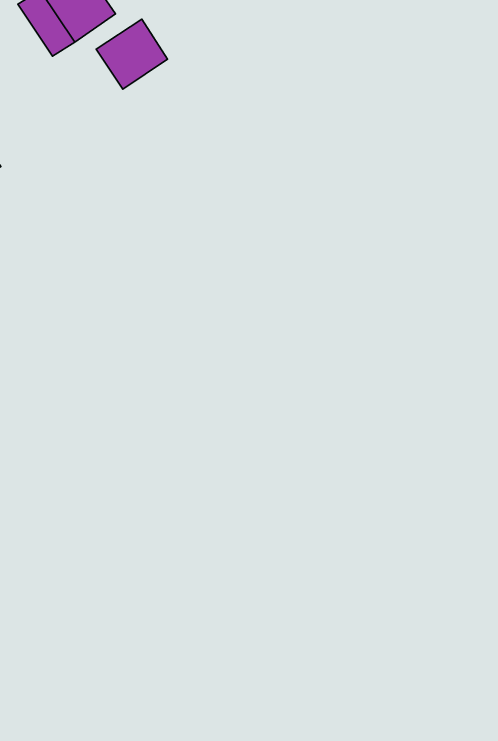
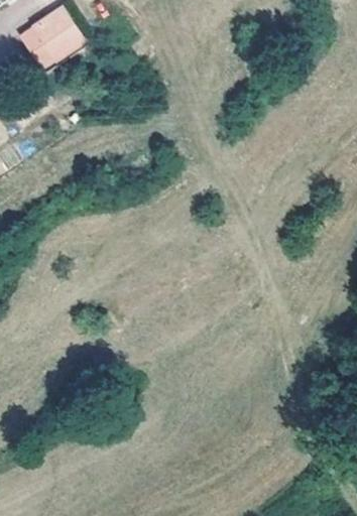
building: [96,19,167,89] -> none

